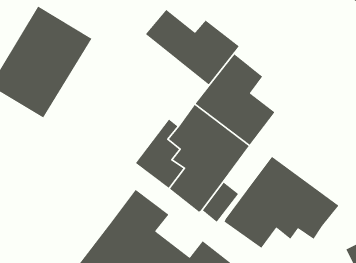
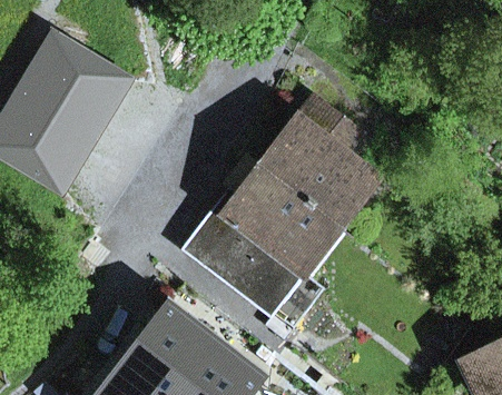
building: [145,9,240,86] -> none
building: [223,156,340,249] -> none

